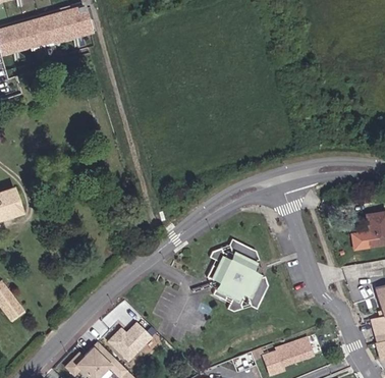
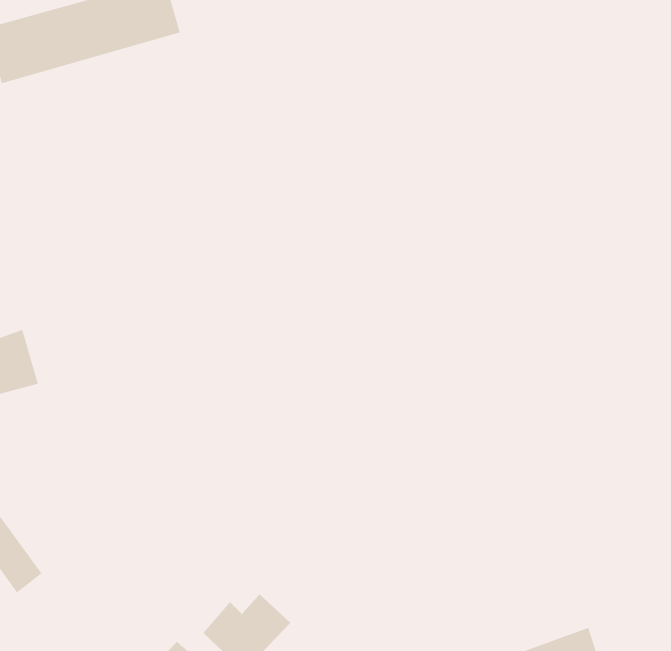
building: [208,239,268,312] -> none

